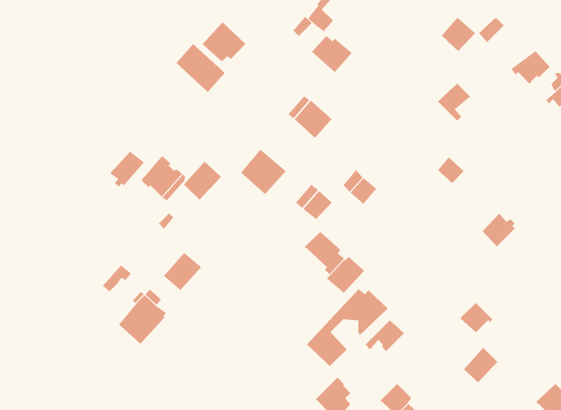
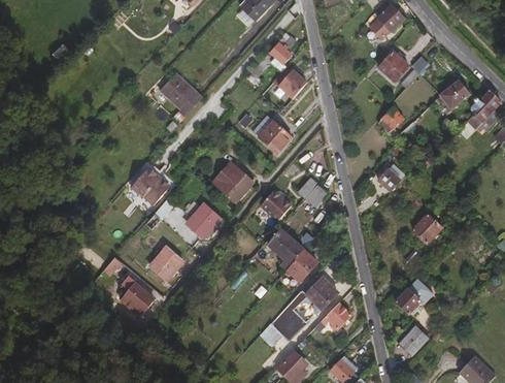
building: [202,22,246,62] -> none
building: [109,151,145,188] -> none
building: [183,161,222,201] -> [189,203,221,236]

